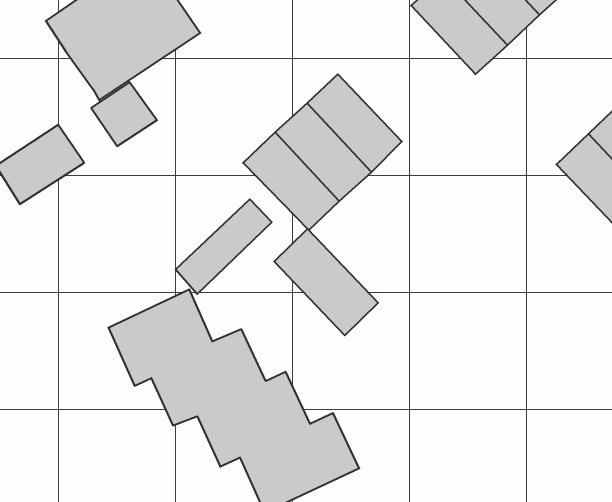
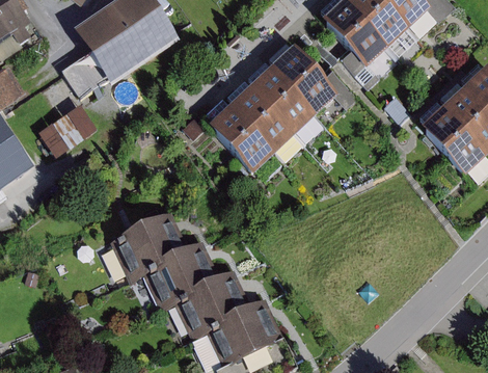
building: none -> [271,46,336,112]
building: [91,82,157,146] -> [60,51,105,95]
building: [176,199,272,294] -> none
building: [274,229,378,335] -> none

